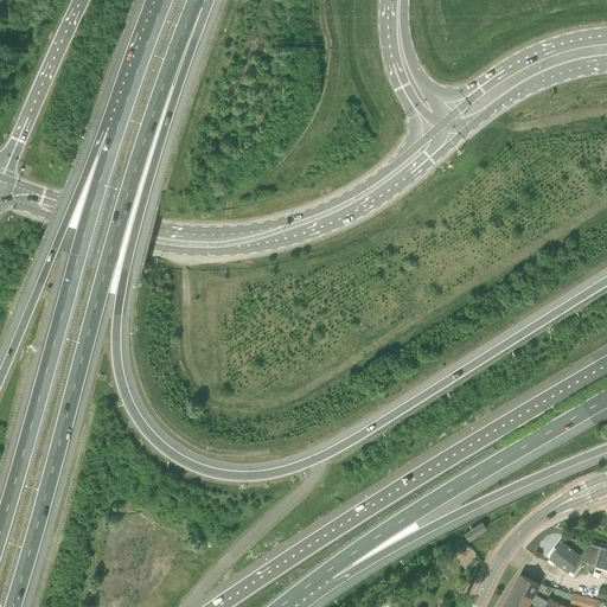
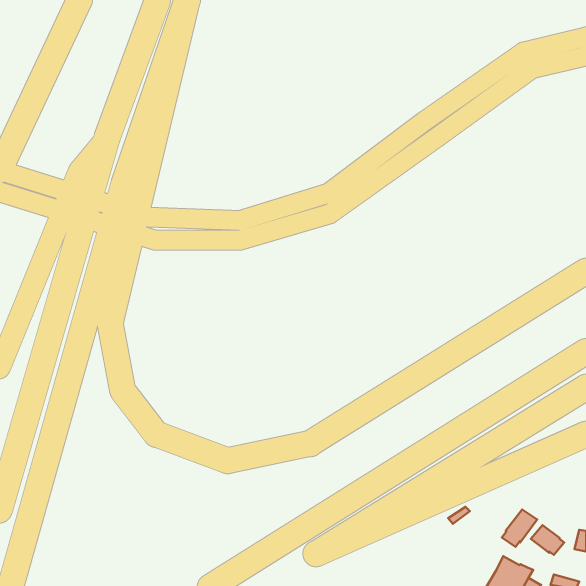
building: none -> [502,509,537,547]

